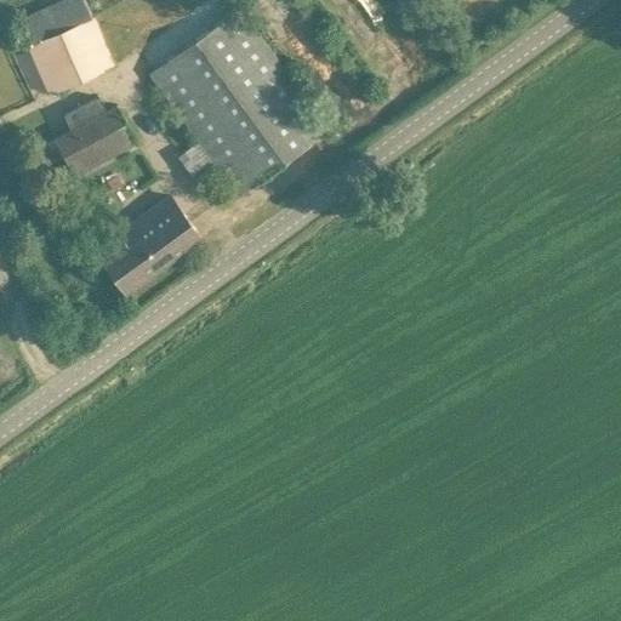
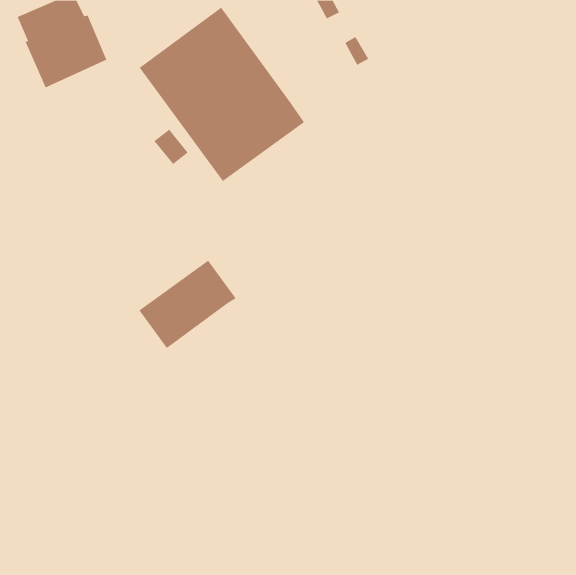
building: [33,99,138,182] -> none
building: [95,199,200,295] -> [138,260,237,349]

